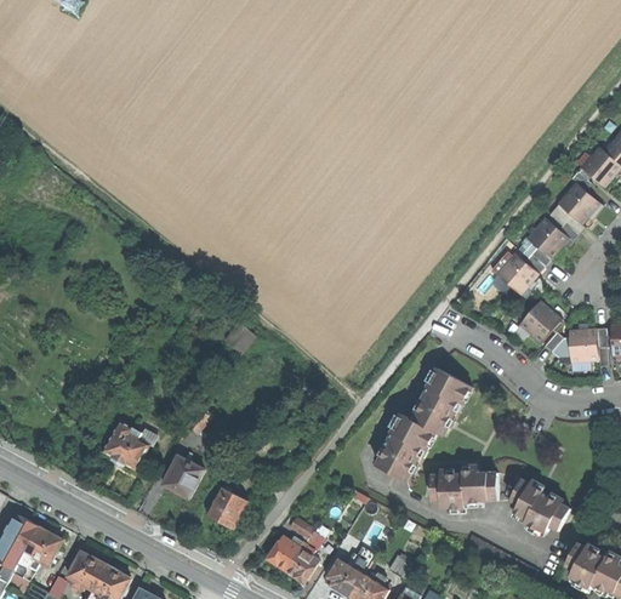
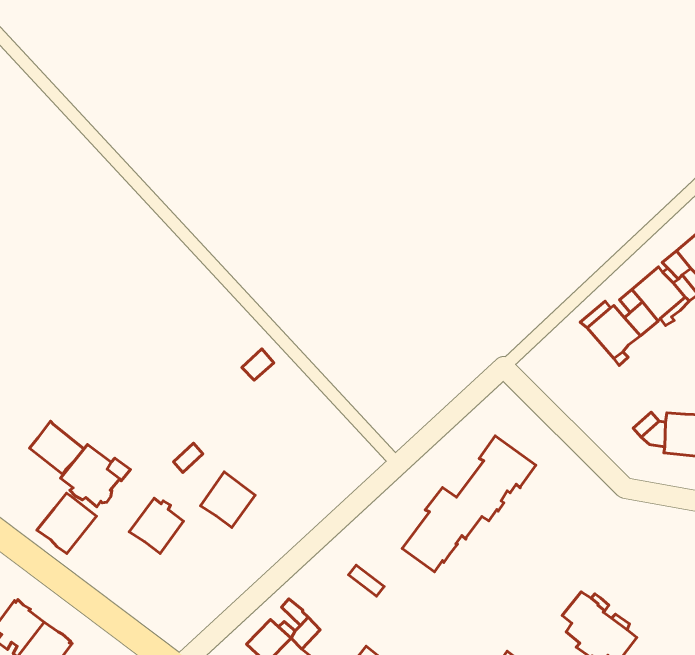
building: [517,300,559,342] -> none
building: none -> [30,421,84,474]
building: none -> [37,493,97,553]
building: [429,469,496,508] -> none
building: [205,486,246,529] -> [201,472,255,528]

